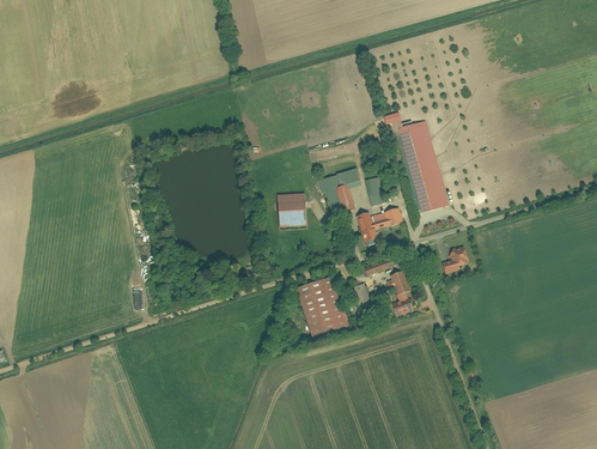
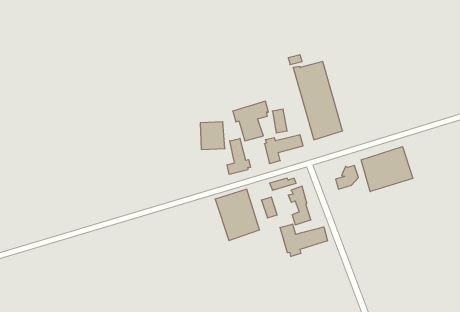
building: none -> [227,138,251,174]
building: none -> [361,147,413,192]
building: none -> [280,224,328,257]

